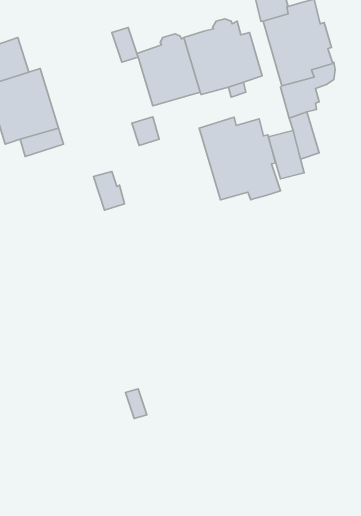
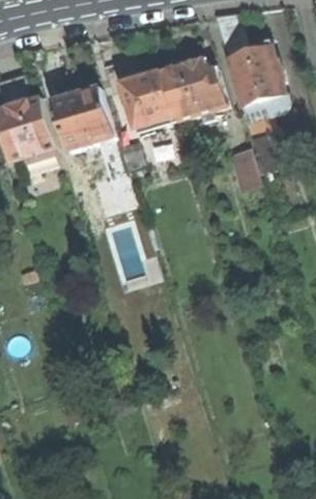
building: none -> [53,87,116,151]
building: [199,117,280,200] -> none

